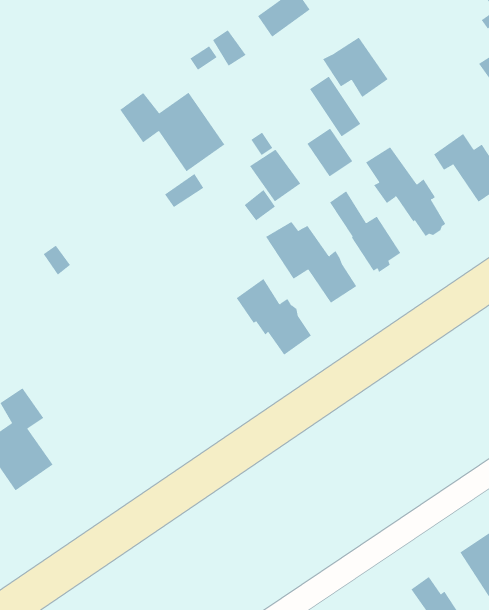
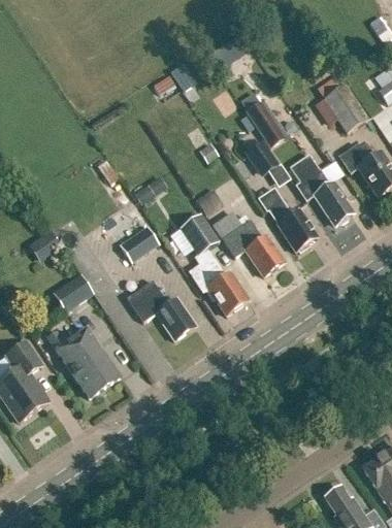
building: [322,37,389,98] -> [317,84,368,131]
building: [120,92,225,172] -> none
building: [249,149,301,202] -> [179,213,220,255]
building: none -> [120,226,159,257]
building: none -> [52,271,93,311]
building: none -> [127,279,196,339]
building: none -> [46,327,120,397]

